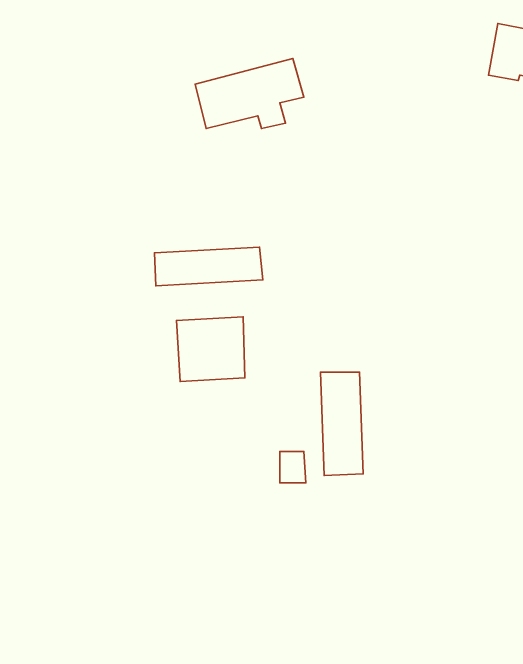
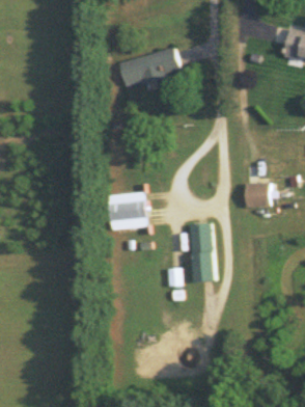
building: [154,247,263,286] -> none
building: none -> [246,183,271,208]

